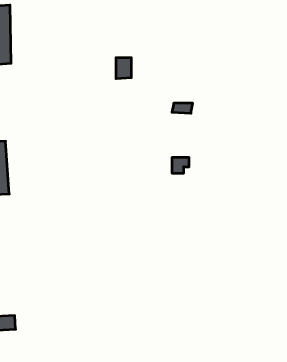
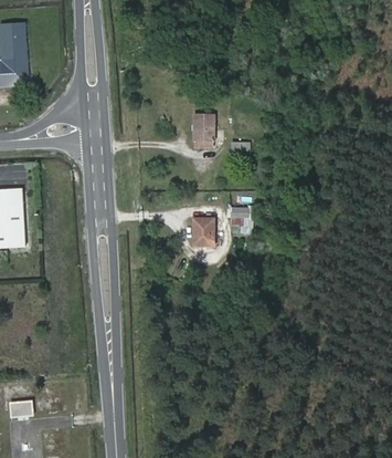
building: [116,58,131,79] -> [190,114,209,139]
building: none -> [189,217,211,242]

